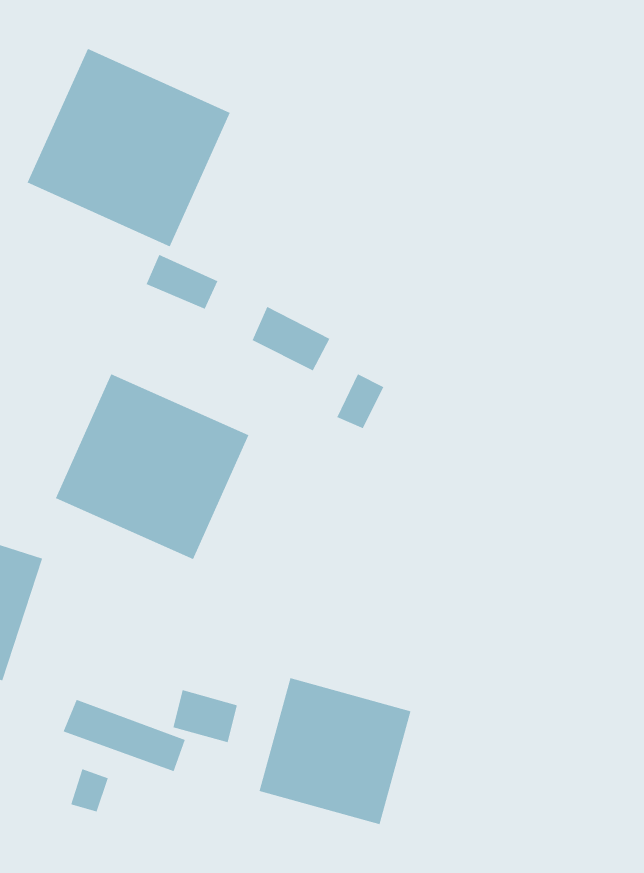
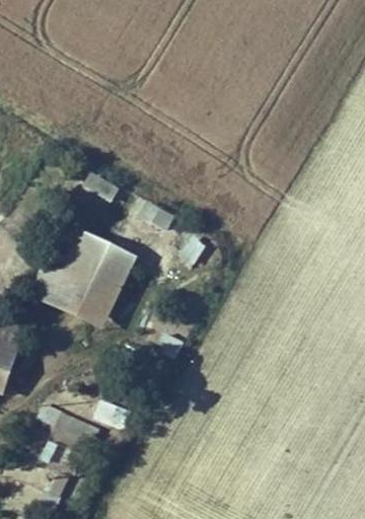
building: [26,48,231,247] -> none
building: [258,677,411,825] -> none

